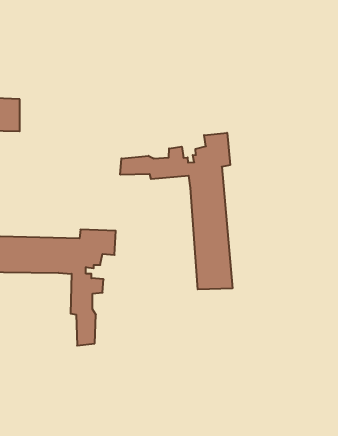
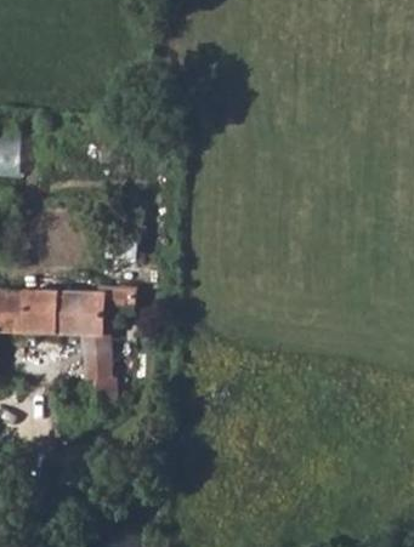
building: [120,133,232,289] -> none

